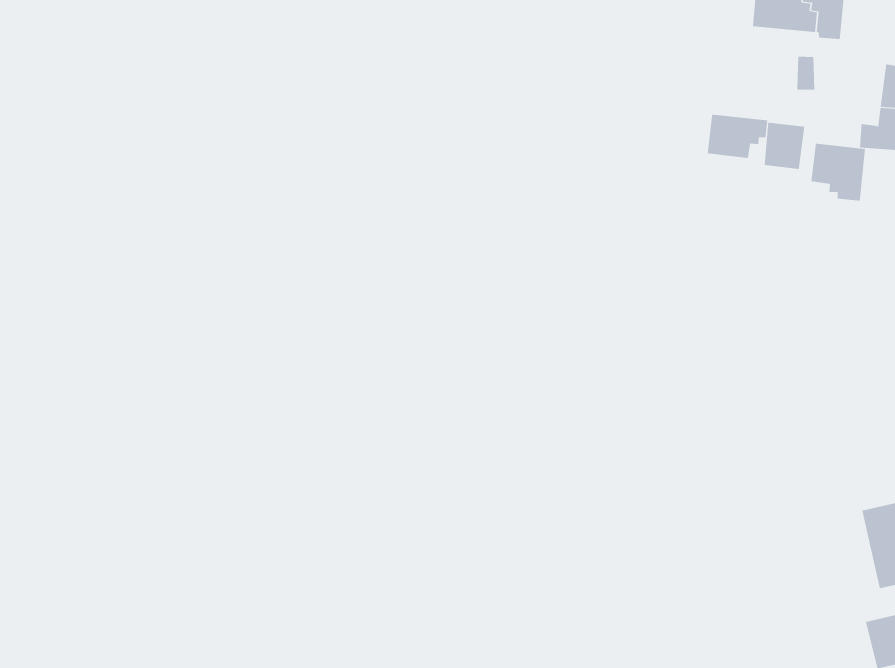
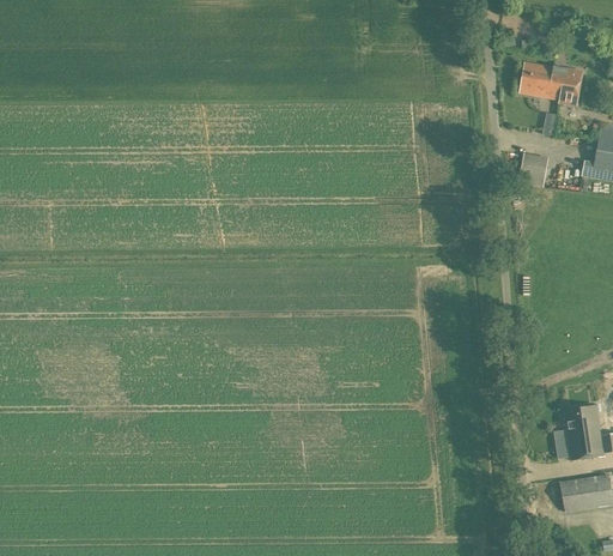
building: [707,114,768,159] -> none
building: [811,143,866,202] -> none

